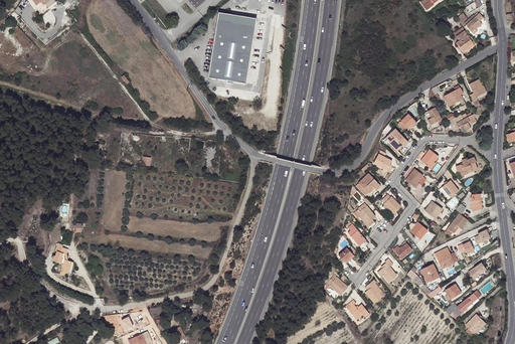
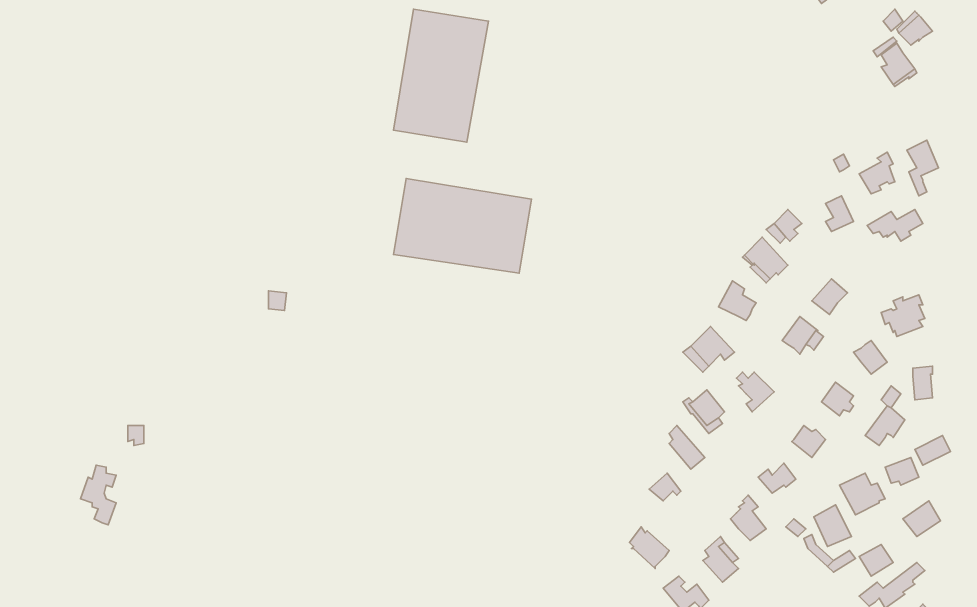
building: none -> [393,179,532,273]

